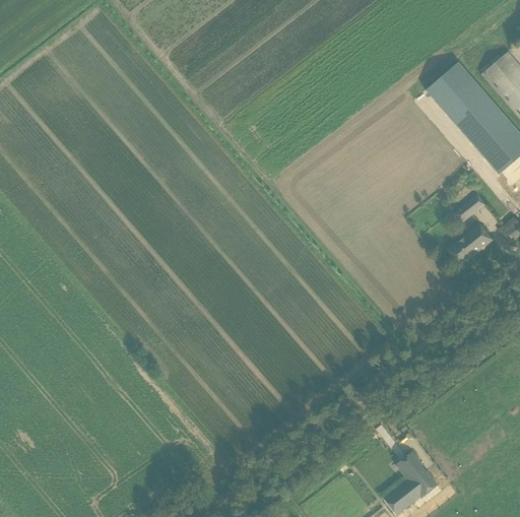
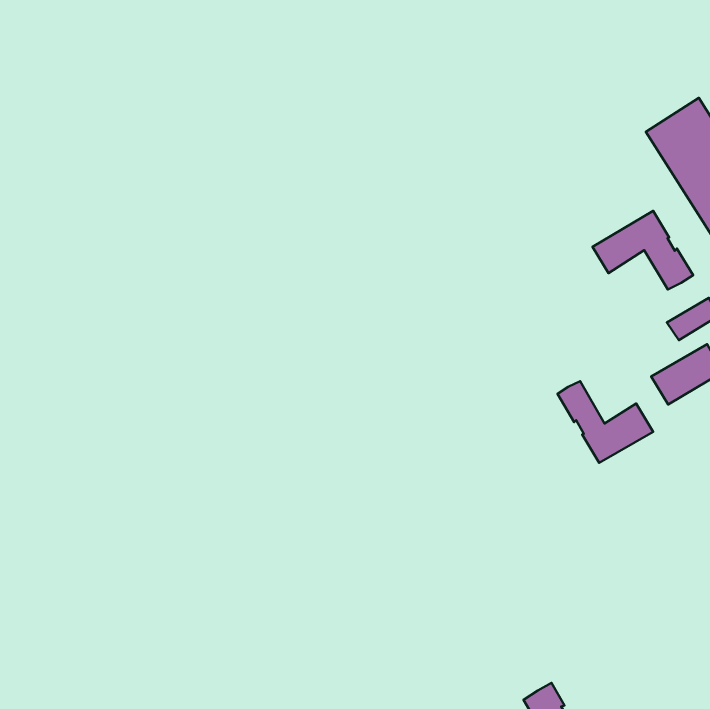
building: none -> [592,211,693,290]
building: none -> [557,381,653,463]

